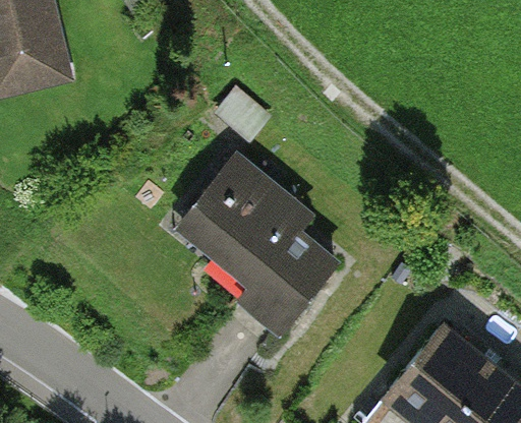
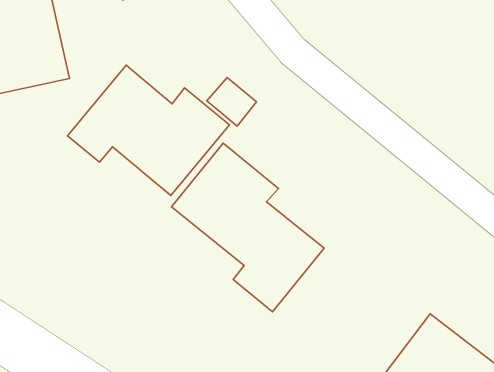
building: none -> [67,65,229,196]

